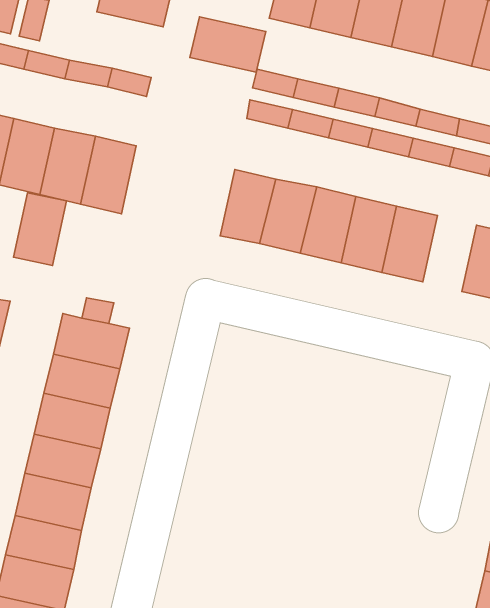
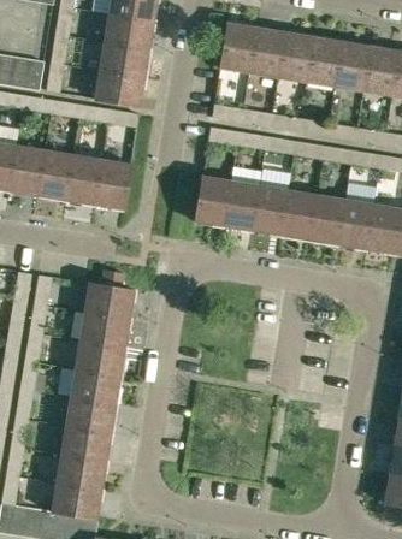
building: [190,17,266,72] -> [94,71,146,107]
building: [13,193,67,265] -> none
building: none -> [338,197,373,249]

